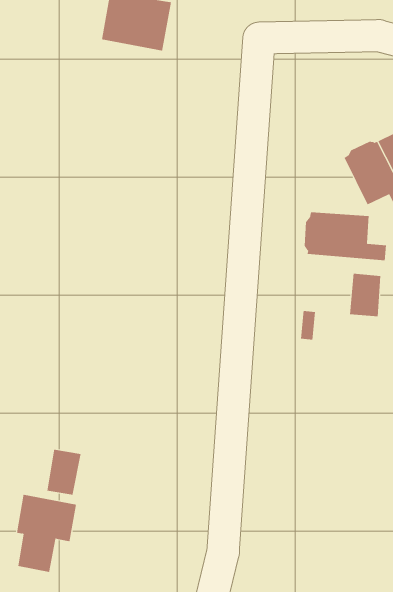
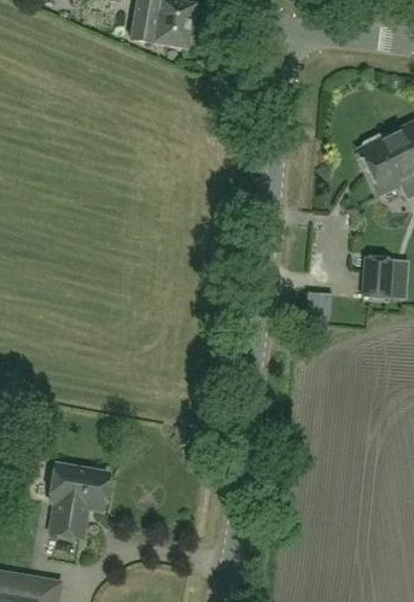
building: [304,212,387,261] -> none
building: [47,449,81,495] -> none

